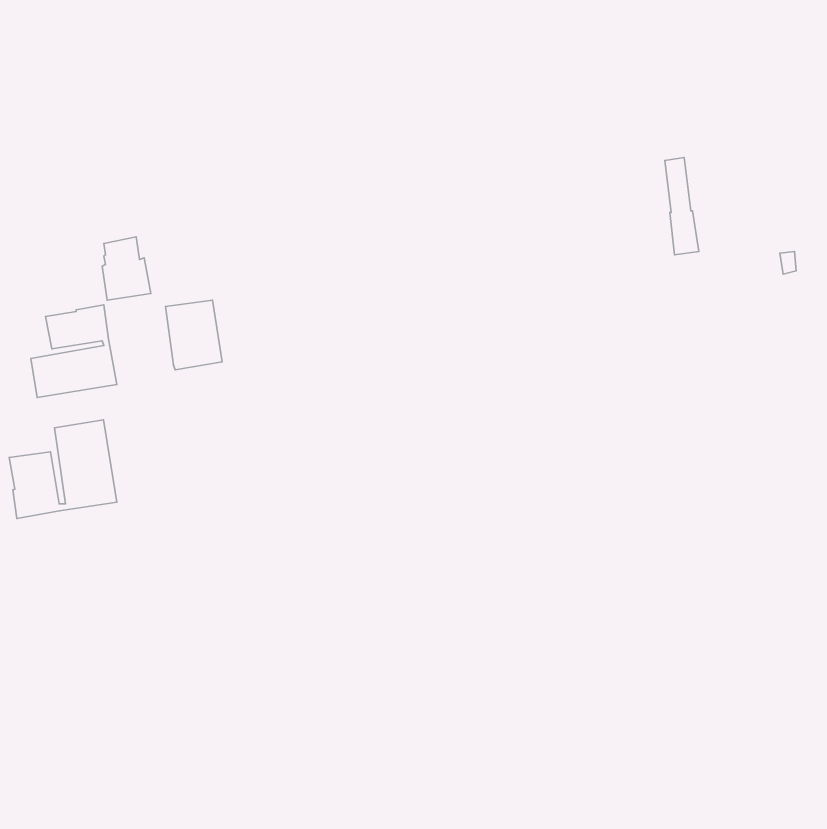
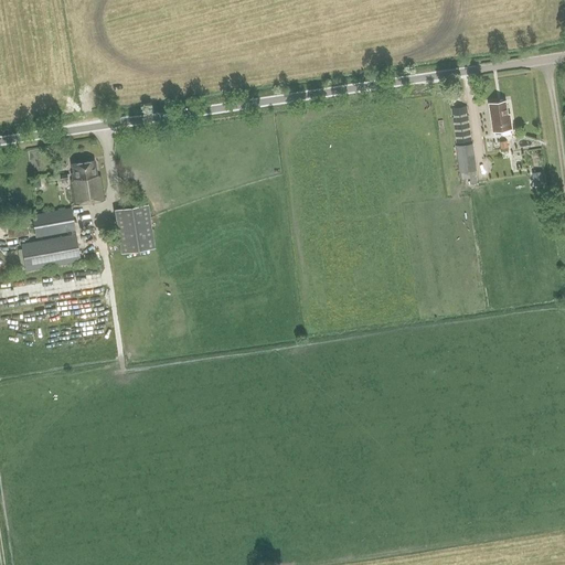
building: none -> [489,102,511,132]
building: [9,420,117,519] -> none

